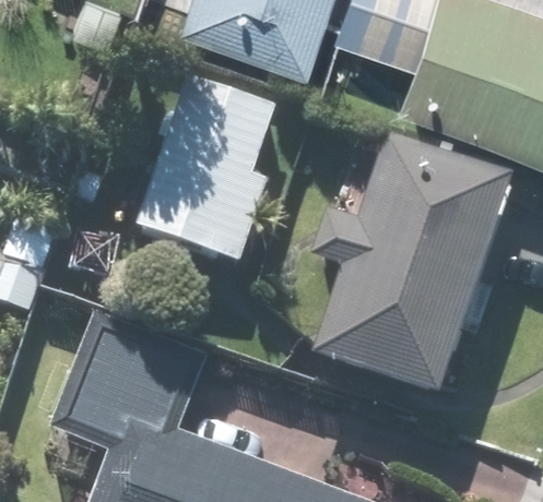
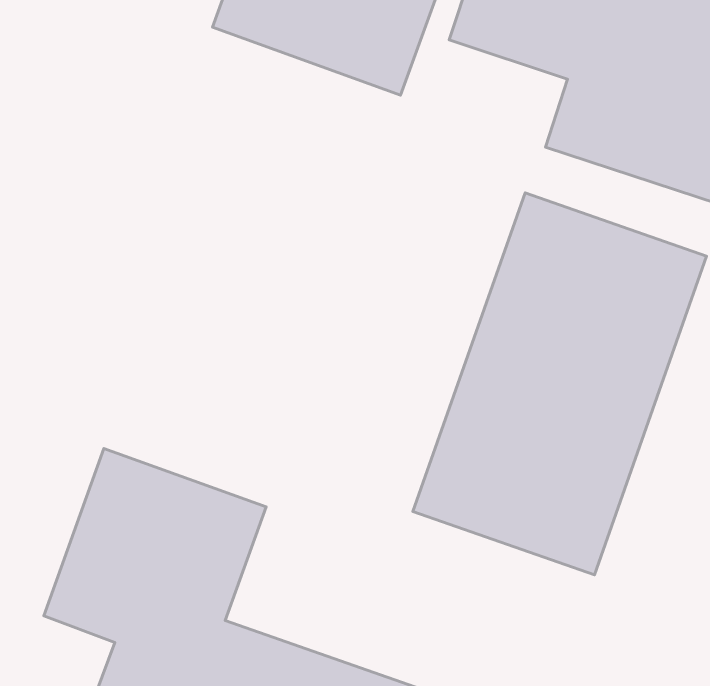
building: [135,79,279,272] -> none

